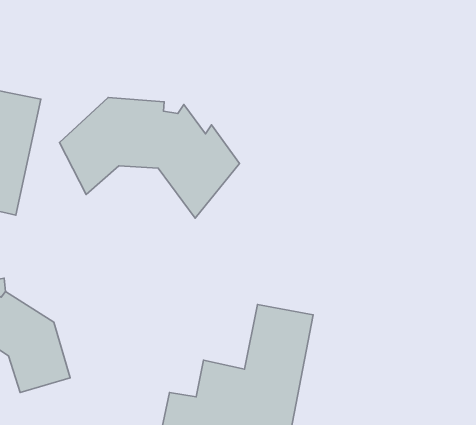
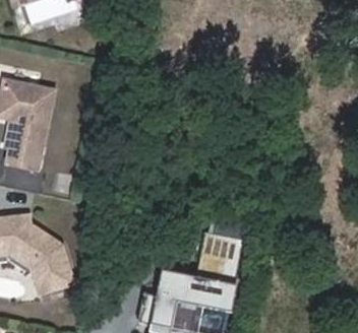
building: [59,97,240,218] -> none

